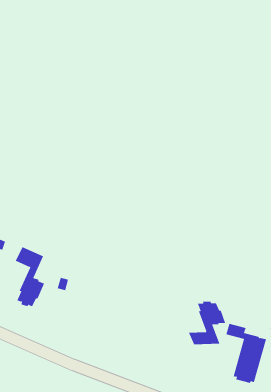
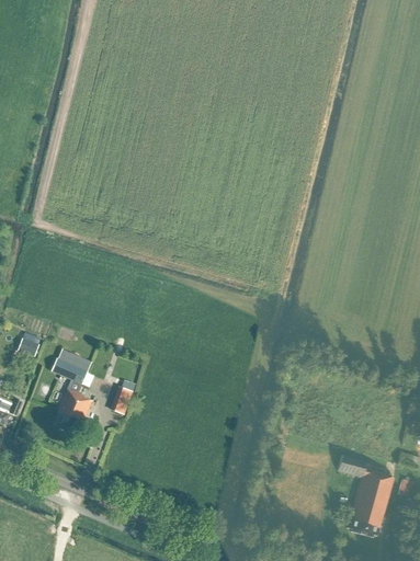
building: [188,301,226,345] -> none

